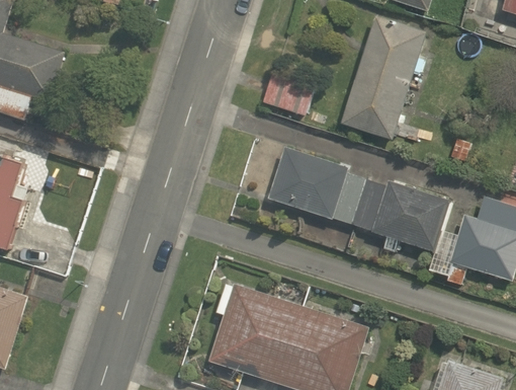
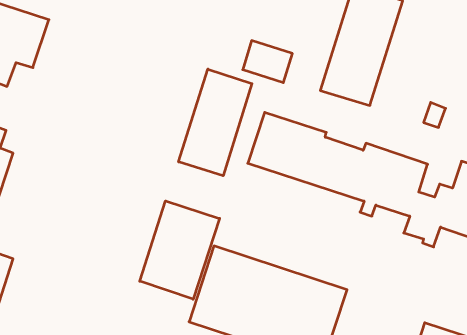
building: none -> [179,69,252,176]
building: none -> [140,201,220,299]

